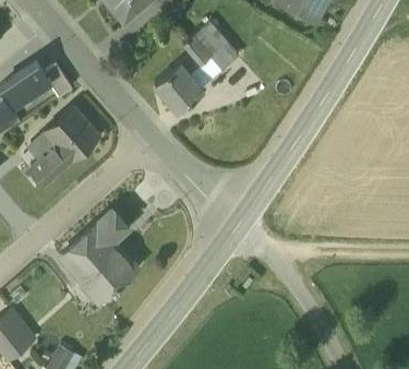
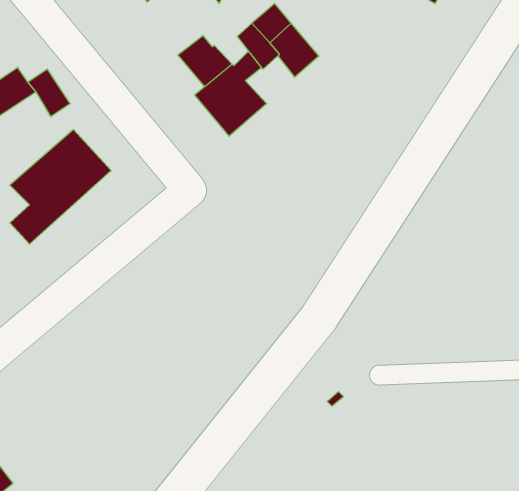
building: none -> [178,35,232,87]
building: [61,211,134,293] -> none

